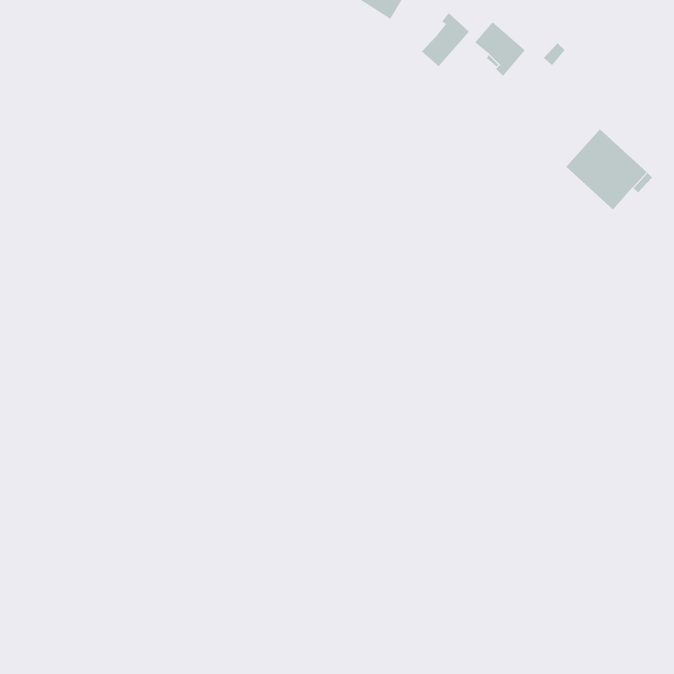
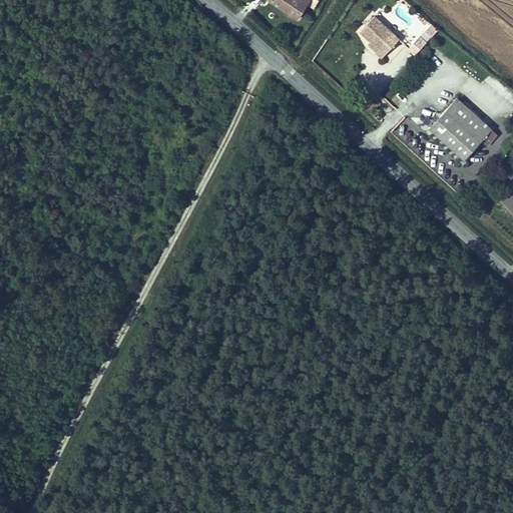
building: [421,12,470,67] -> none

